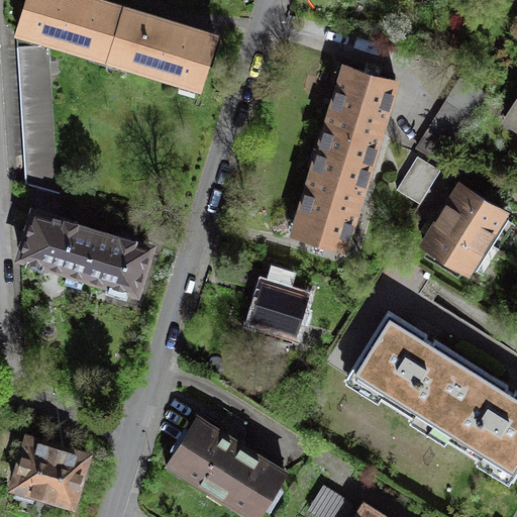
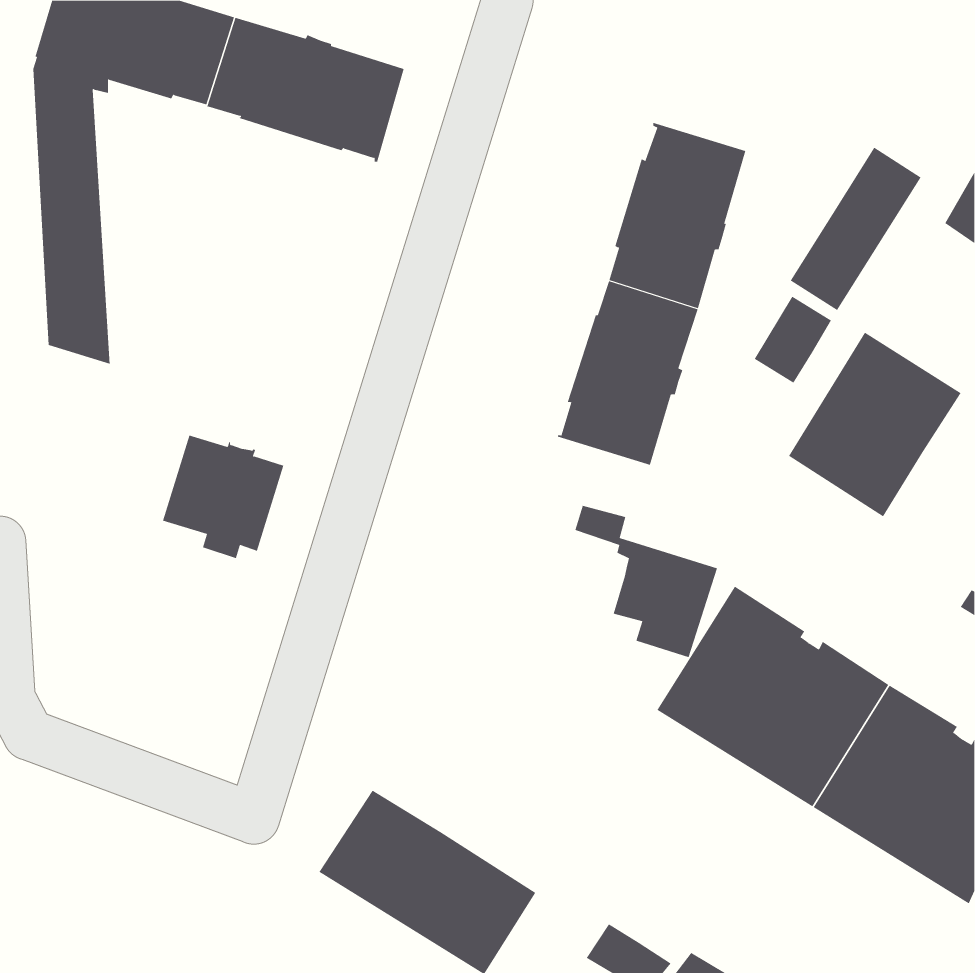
building: [20,184,100,277] -> none
building: [231,264,307,344] -> [575,505,718,658]
building: [13,438,87,504] -> none

